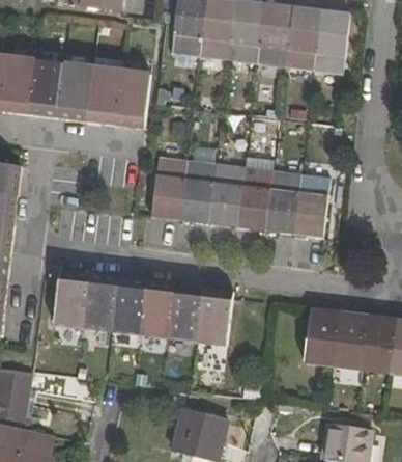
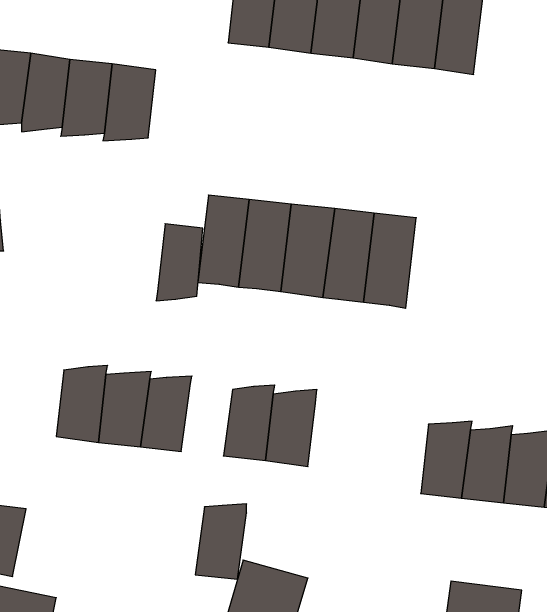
building: [116,71,148,124] -> [156,224,203,301]
building: [294,172,328,238] -> none
building: [140,284,175,336] -> [195,504,247,579]

